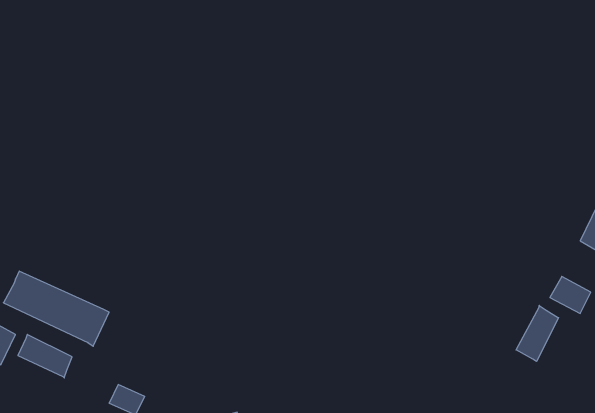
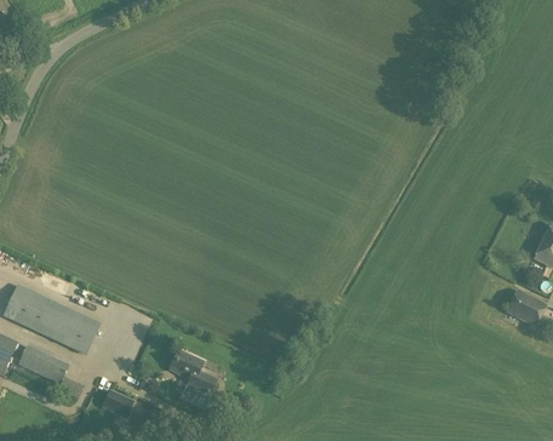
building: [516,305,559,361] -> none
building: none -> [170,351,213,395]

